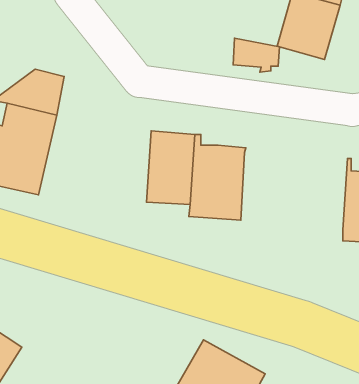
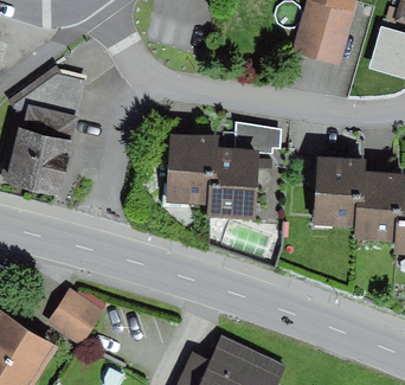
building: [233,38,279,72] -> [234,121,279,154]
building: none -> [311,158,361,230]
building: none -> [45,288,101,344]

